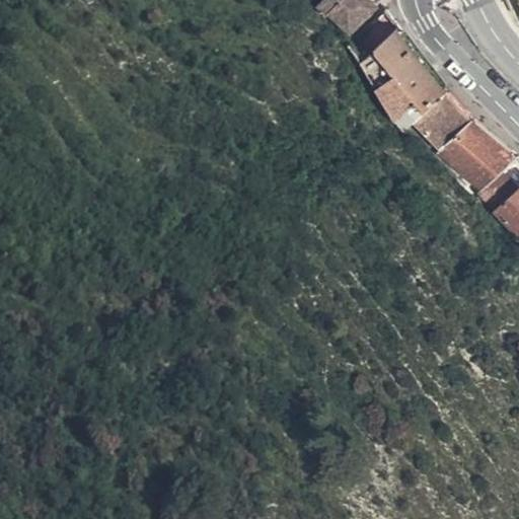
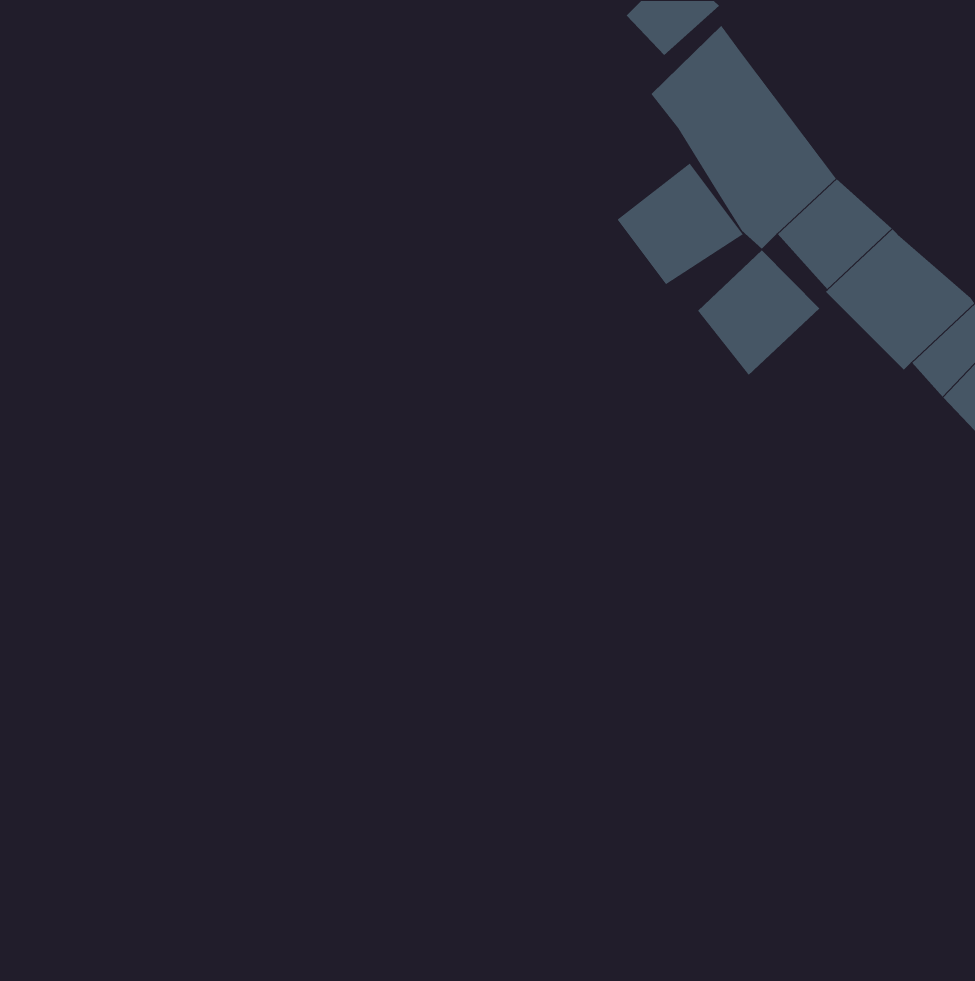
building: none -> [616,162,744,285]
building: none -> [697,250,820,376]

